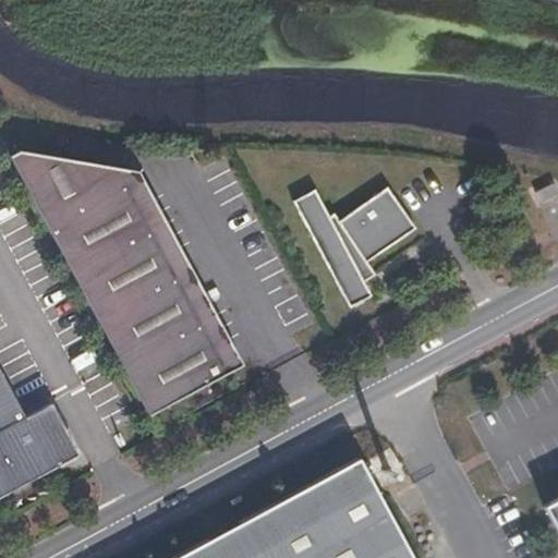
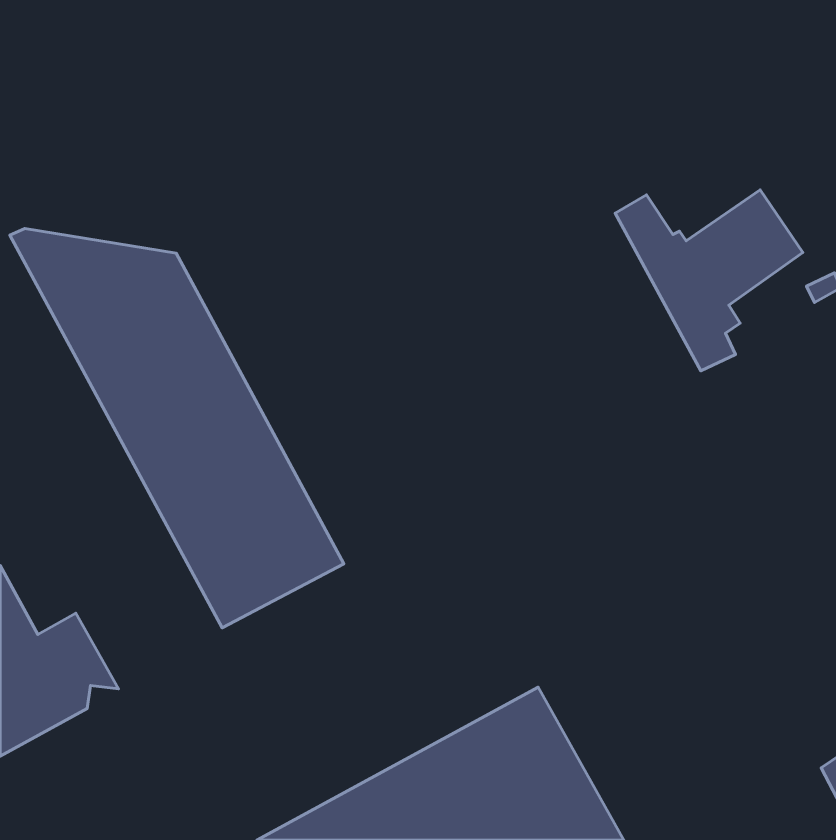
building: [294,185,418,305] -> [615,190,803,371]

